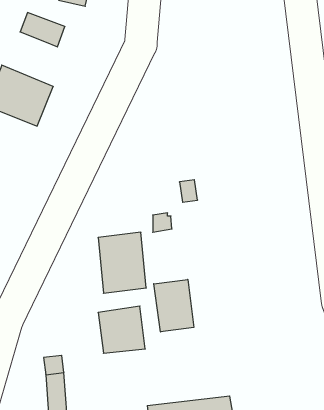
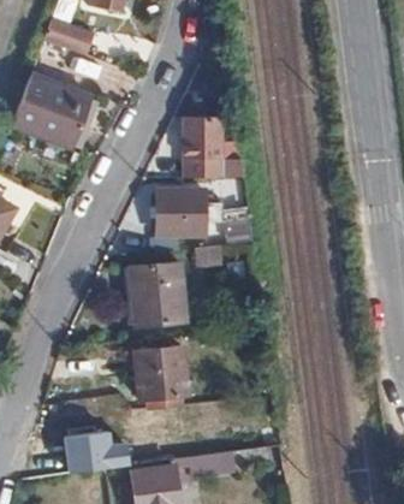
building: none -> [183,114,244,174]
building: none -> [156,188,219,232]
building: [154,279,194,332] -> none

